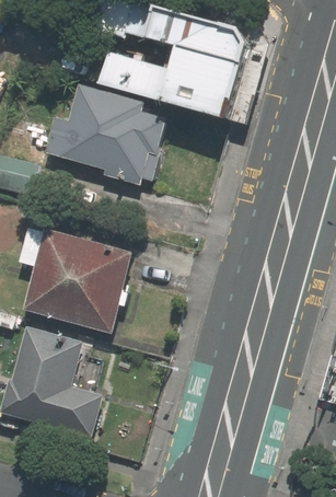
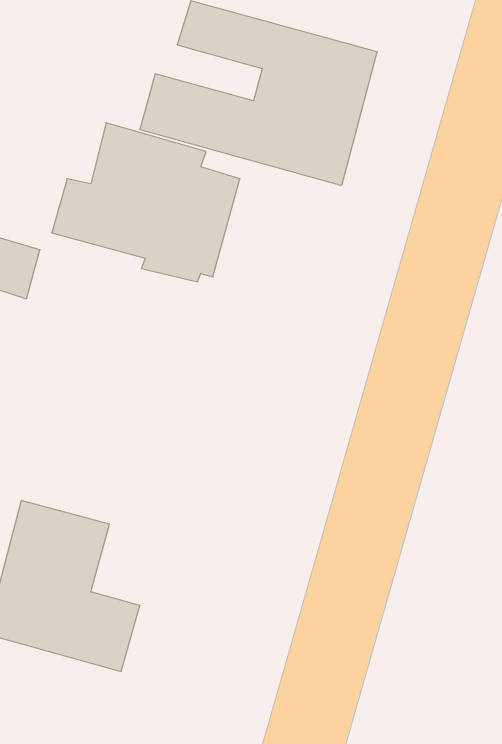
building: [18,224,134,332] -> none

